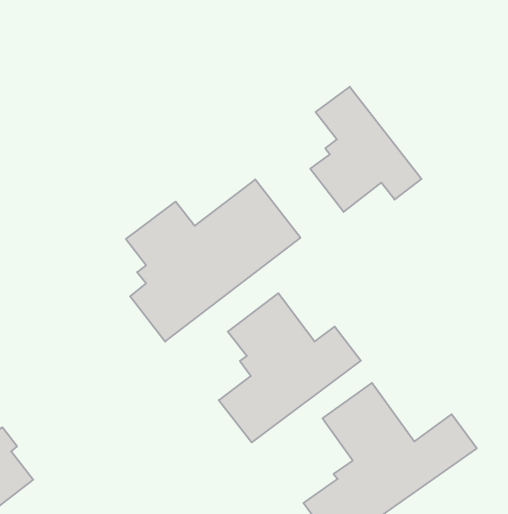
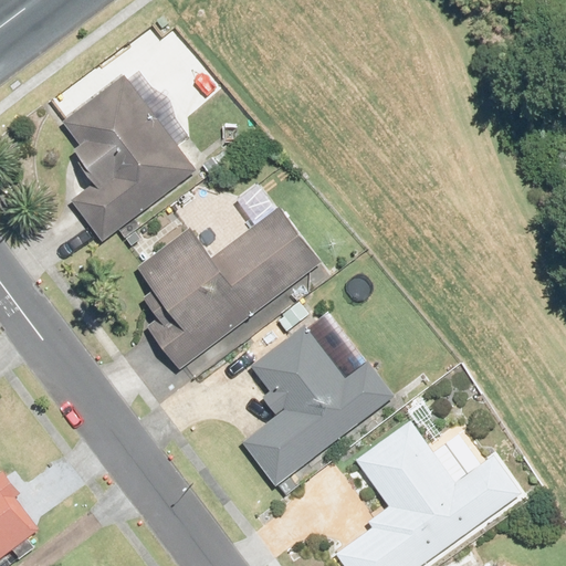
building: none -> [62,73,197,240]
building: [310,87,422,212] -> none

